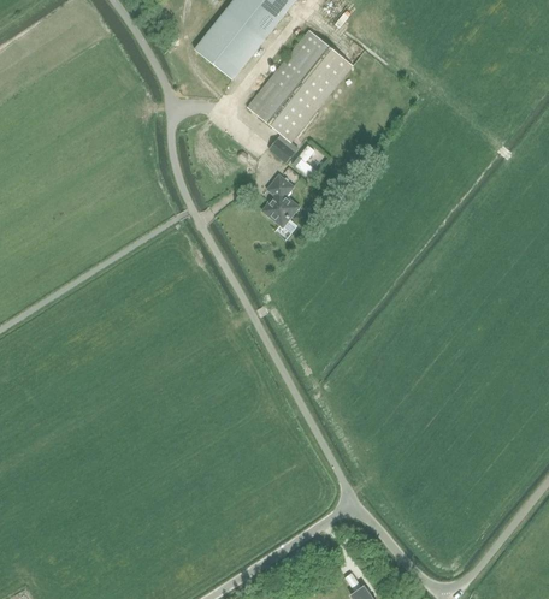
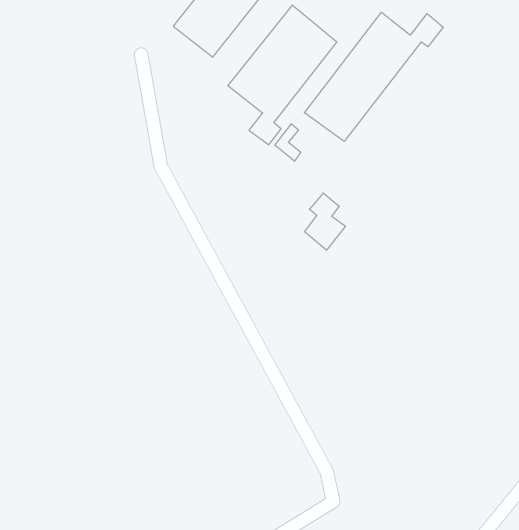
building: none -> [304,12,443,141]
building: [261,173,301,229] -> [304,193,345,250]

